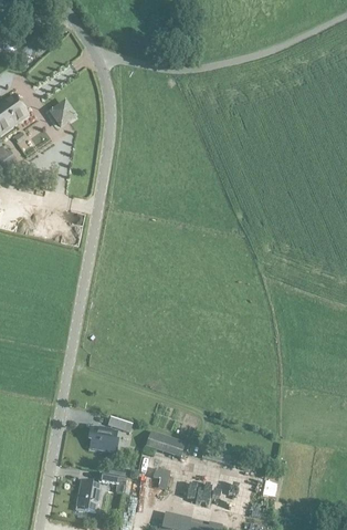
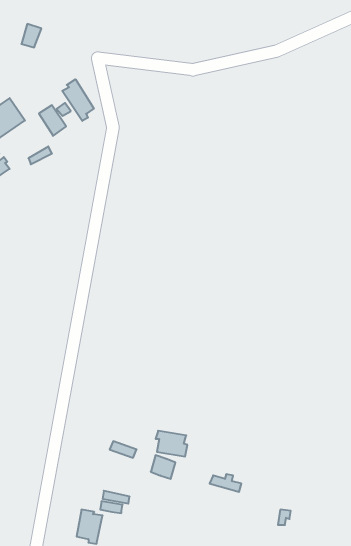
building: none -> [62,79,94,121]
building: [88,427,118,451] -> [156,431,187,457]

